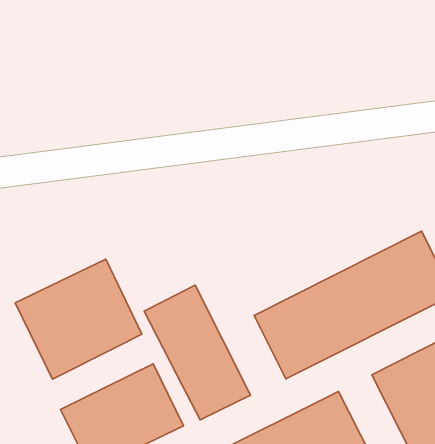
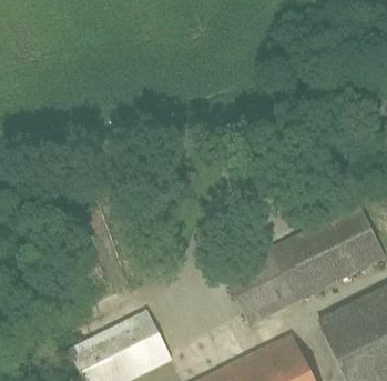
building: [15,259,142,379] -> none
building: [144,285,251,420] -> none

